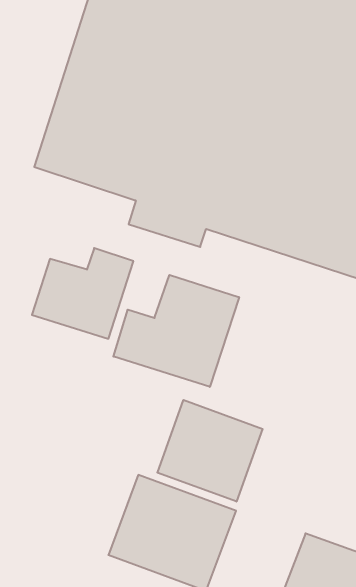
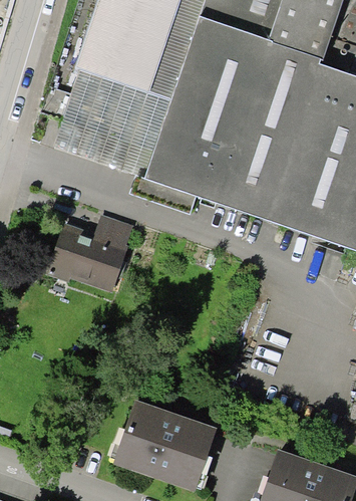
building: [113,275,239,387] -> none
building: [157,400,263,502] -> none

